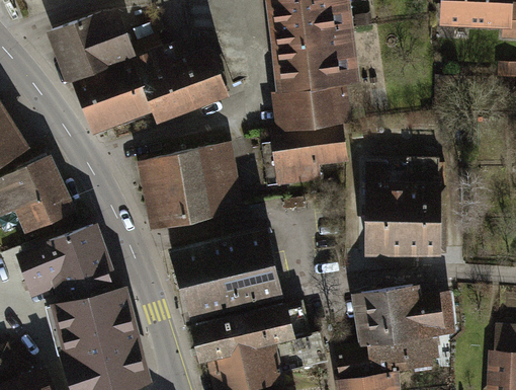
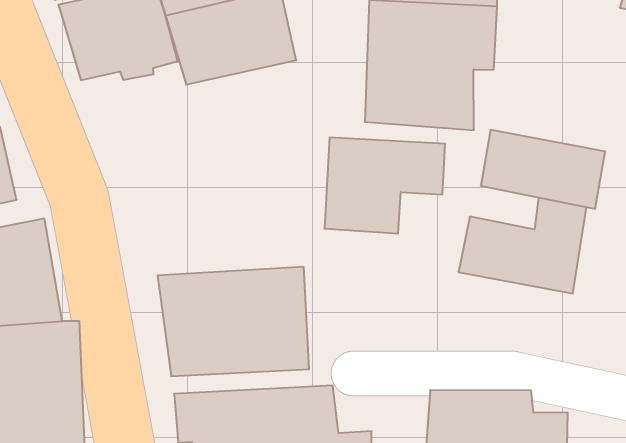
building: [139,145,234,225] -> none
building: [363,215,440,254] -> [481,130,605,209]

